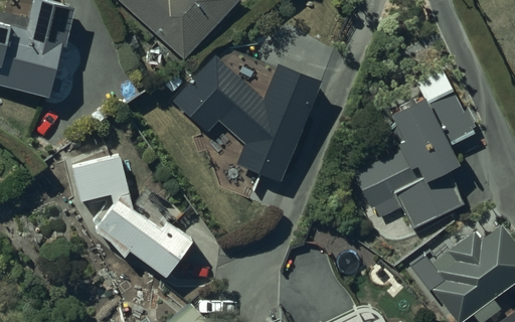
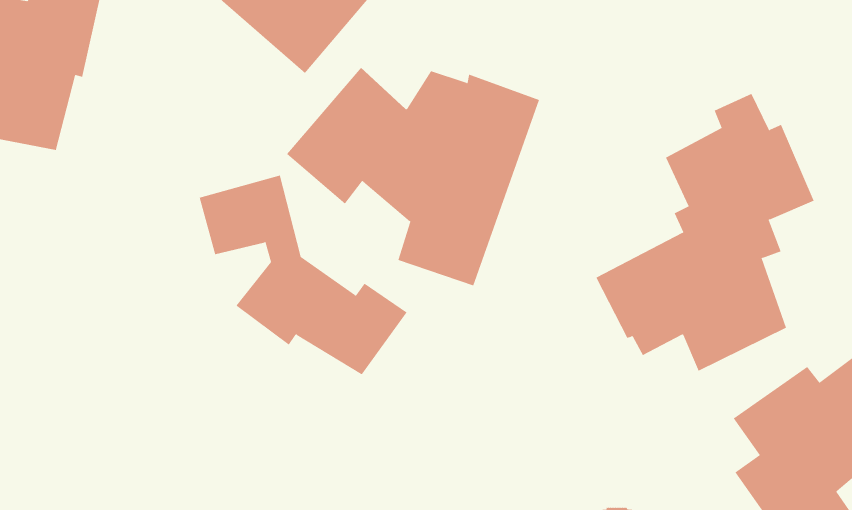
building: [72,167,193,283] -> [199,175,408,375]

